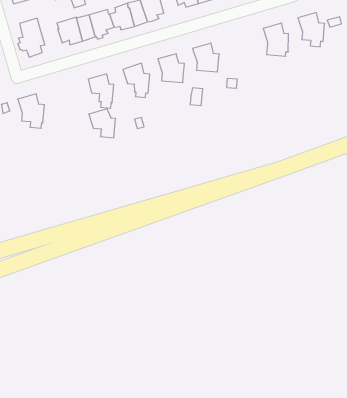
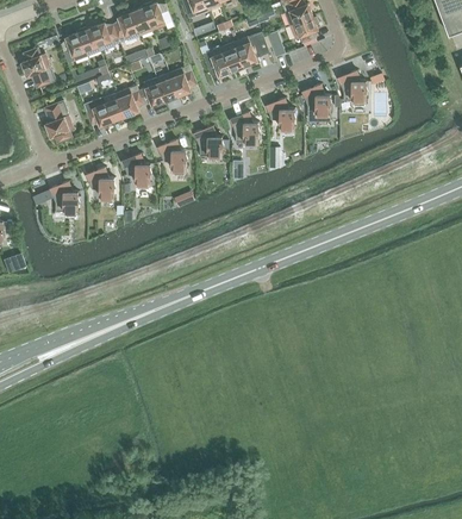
building: none -> [266,99,293,129]
building: [89,109,116,138] -> [85,168,113,198]

